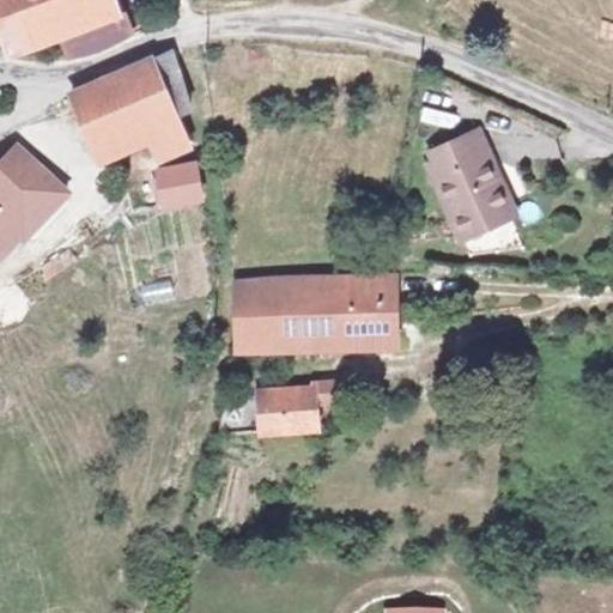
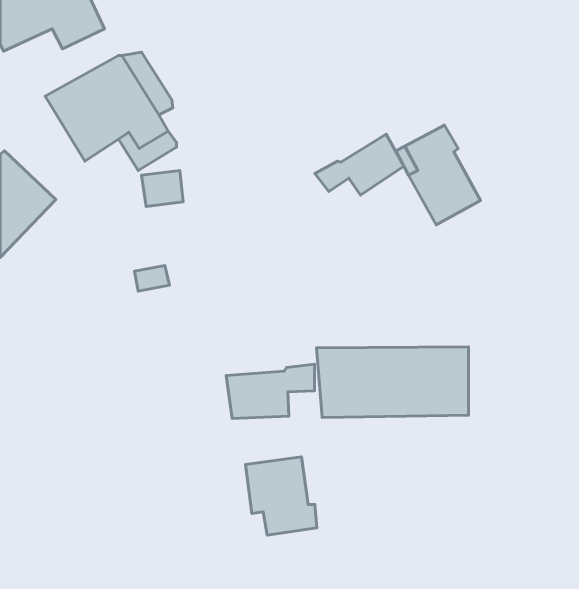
building: none -> [315,134,404,195]
building: [233,275,390,348] -> [316,347,468,418]
building: none -> [245,457,317,535]

